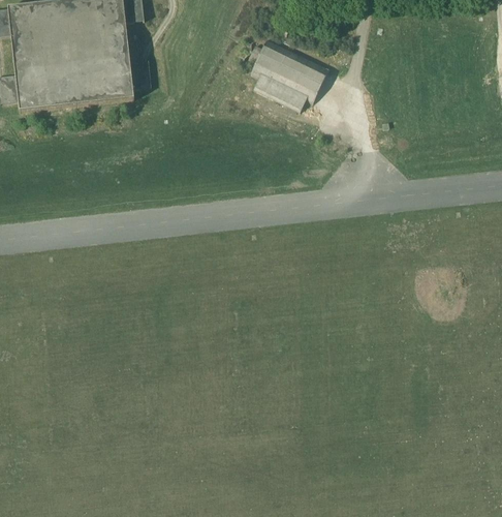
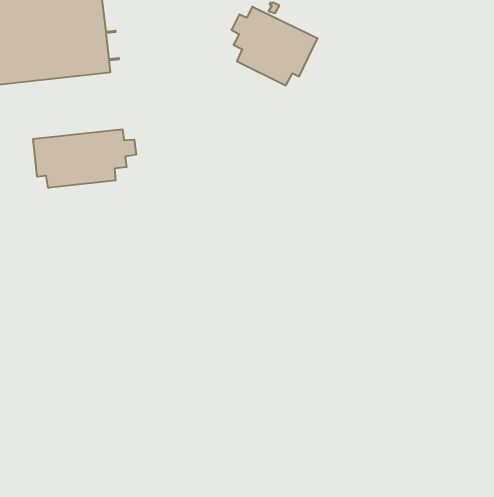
building: none -> [33,129,136,188]

